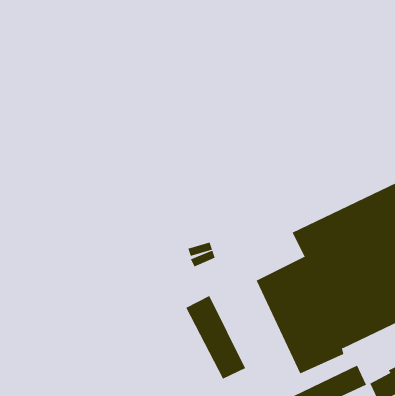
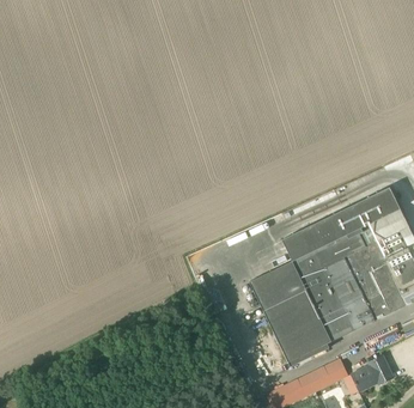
building: [185,295,246,380] -> none

